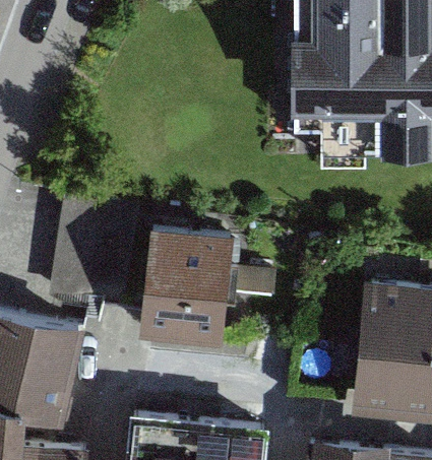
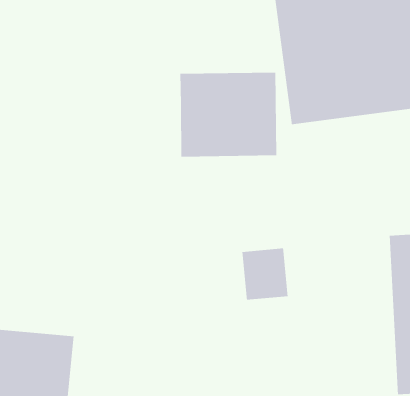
building: none -> [180,72,277,158]
building: [143,221,236,346] -> none

